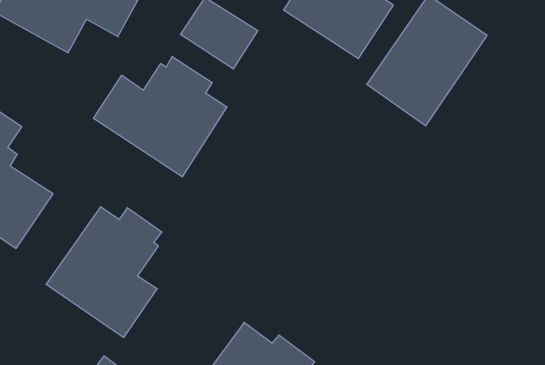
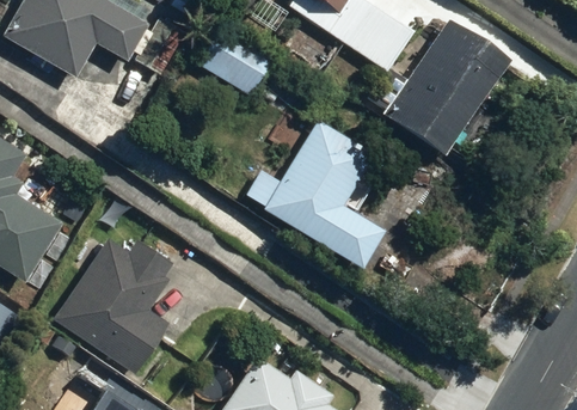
building: [93,57,227,177] -> none
building: none -> [263,121,381,271]

